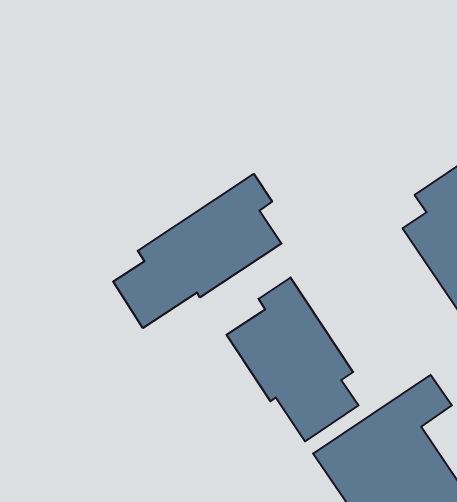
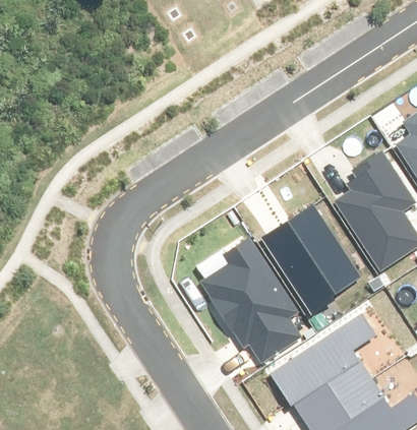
building: [113,174,282,328] -> none
building: none -> [262,203,362,310]

